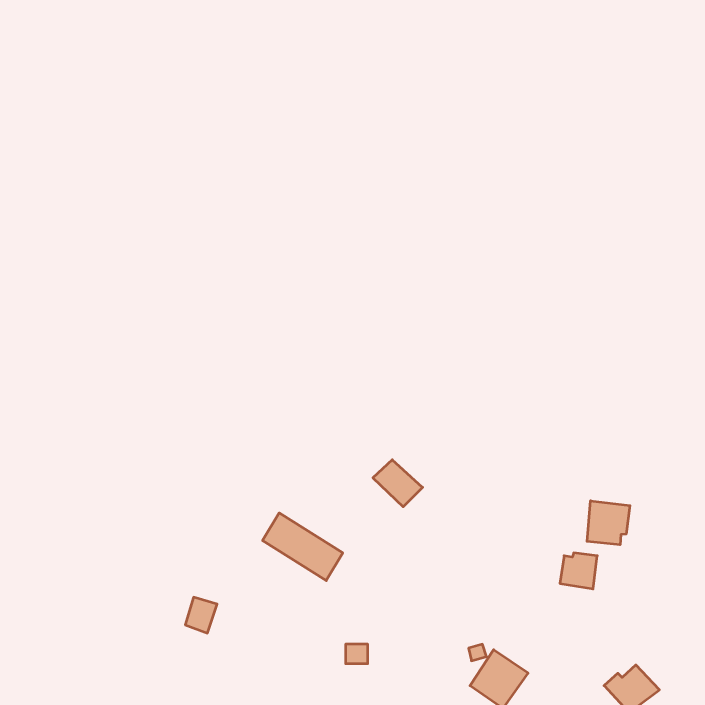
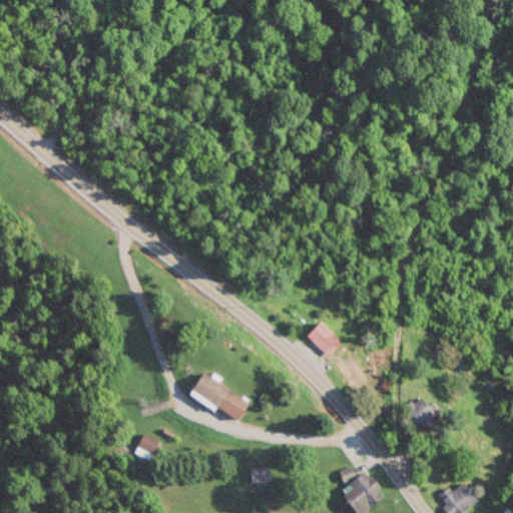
building: [373,460,423,507] -> [307,322,343,356]
building: [587,501,630,545] -> none

